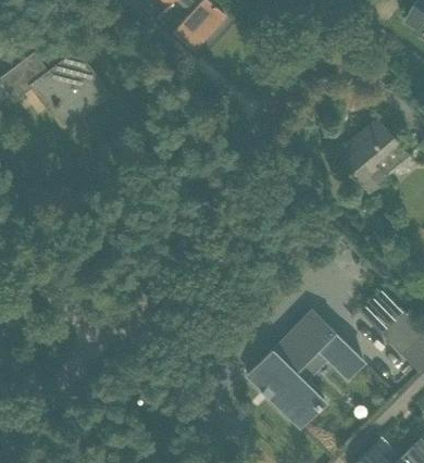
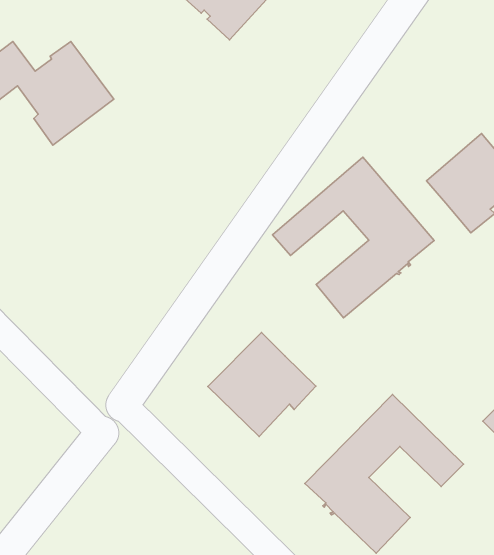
building: none -> [272,157,434,318]
building: none -> [208,333,316,437]

